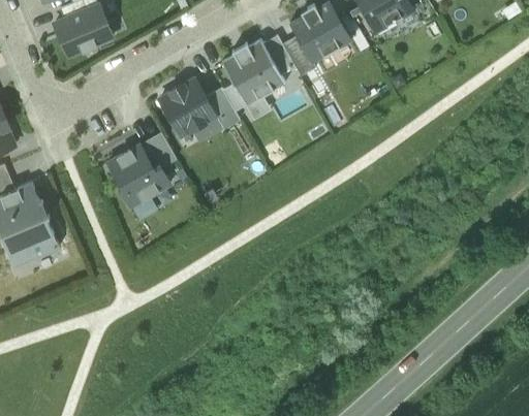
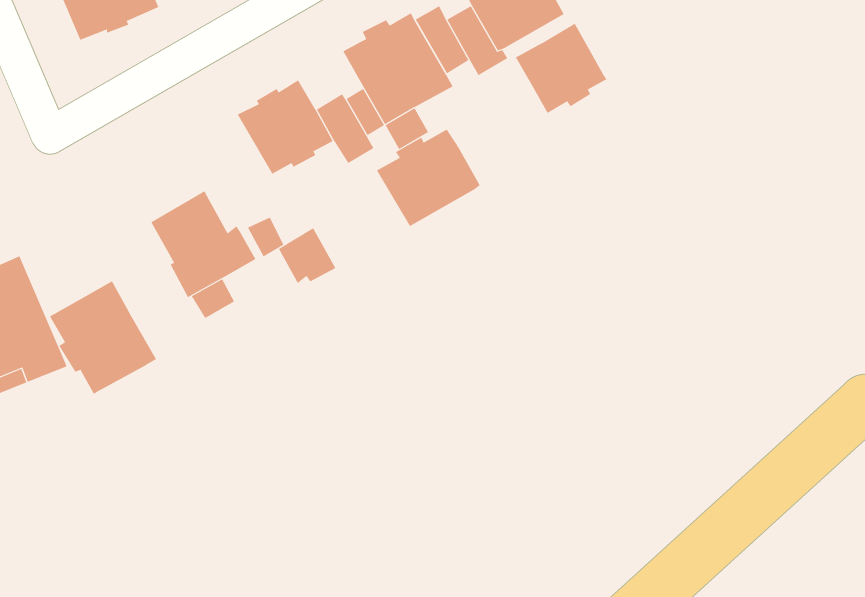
building: none -> [515,23,607,114]
building: none -> [376,129,480,227]
building: [142,135,176,168] -> [278,228,336,284]
building: none -> [49,281,157,395]

